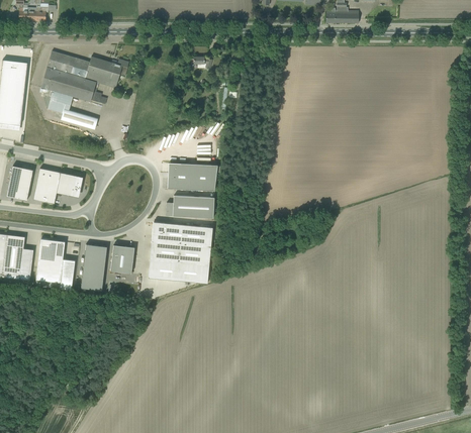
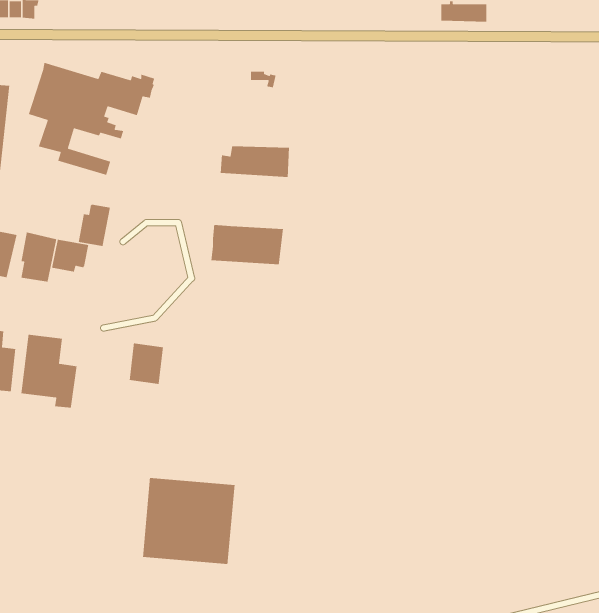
building: none -> [78,204,111,247]
building: [166,196,214,218] -> [220,146,290,178]
building: [148,222,212,283] -> [142,477,236,565]
building: [81,244,107,291] -> none

